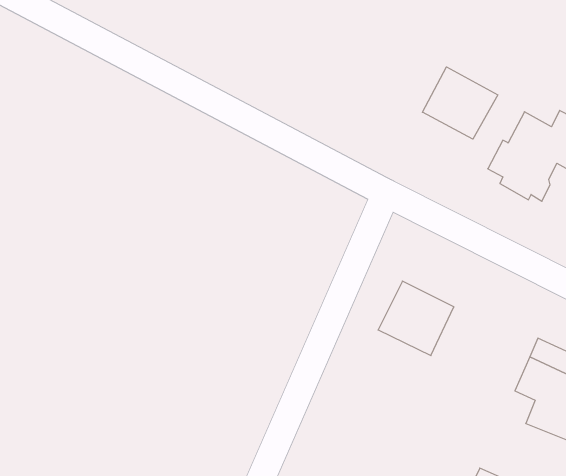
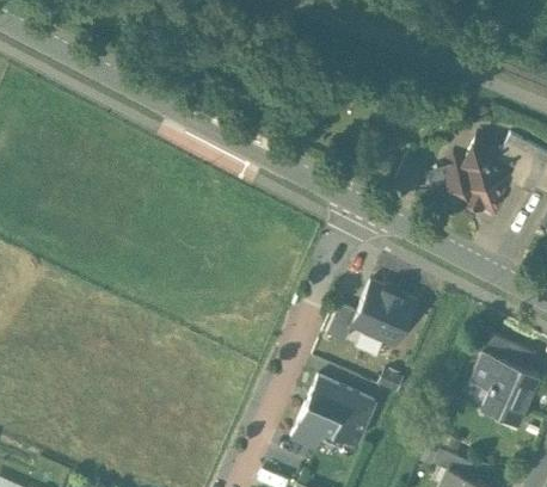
building: [422,67,498,139] -> none
building: none -> [290,371,379,450]

